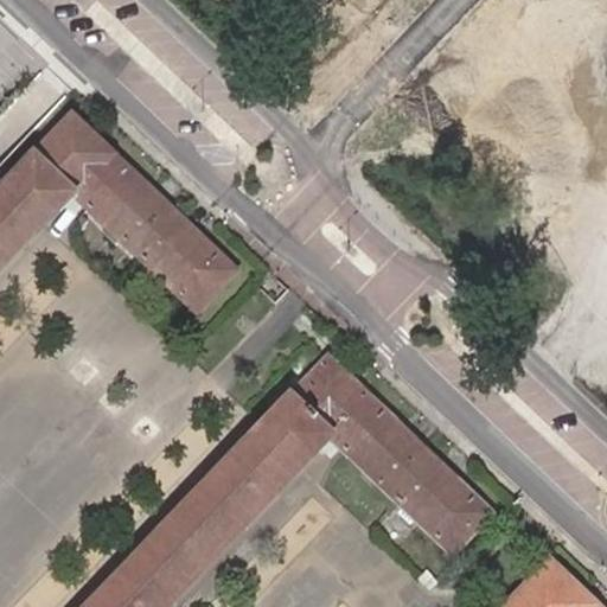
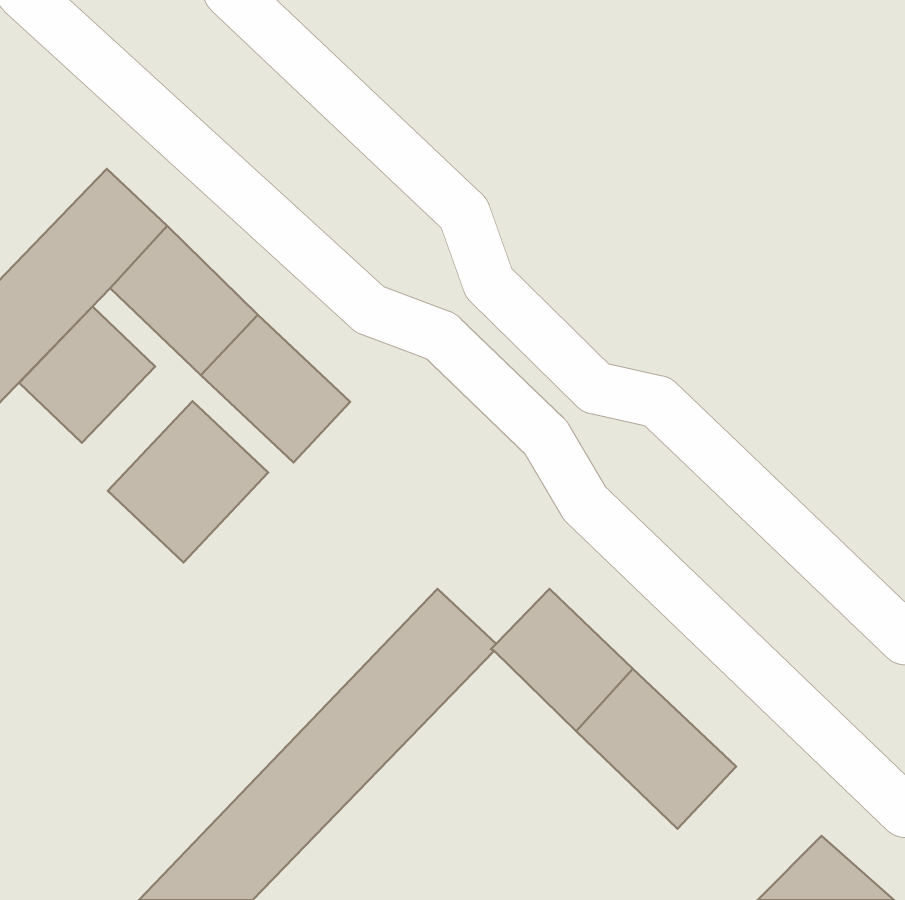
building: none -> [19,306,155,443]
building: none -> [108,401,268,562]
building: [292,356,366,429] -> none

